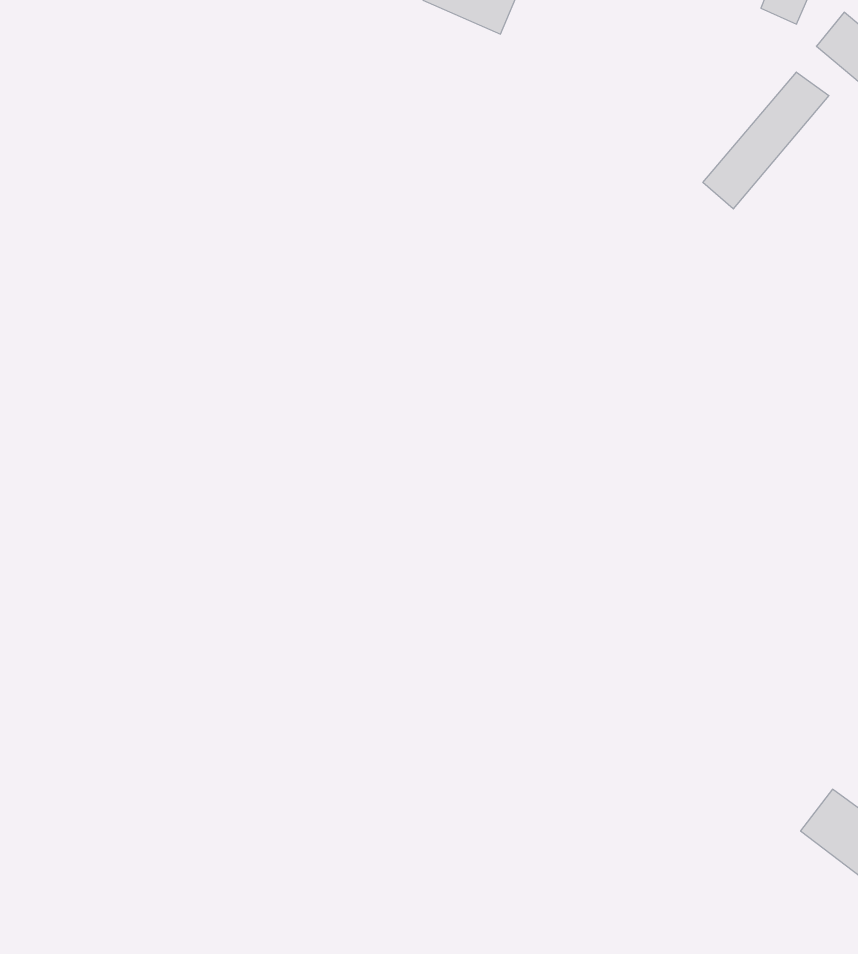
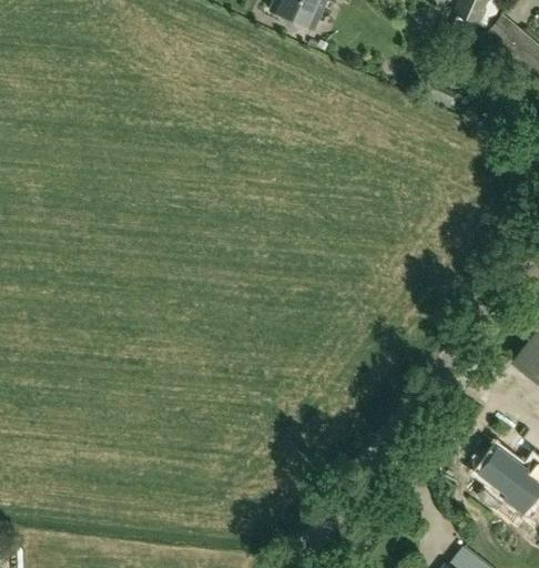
building: [703,72,829,209] -> none

